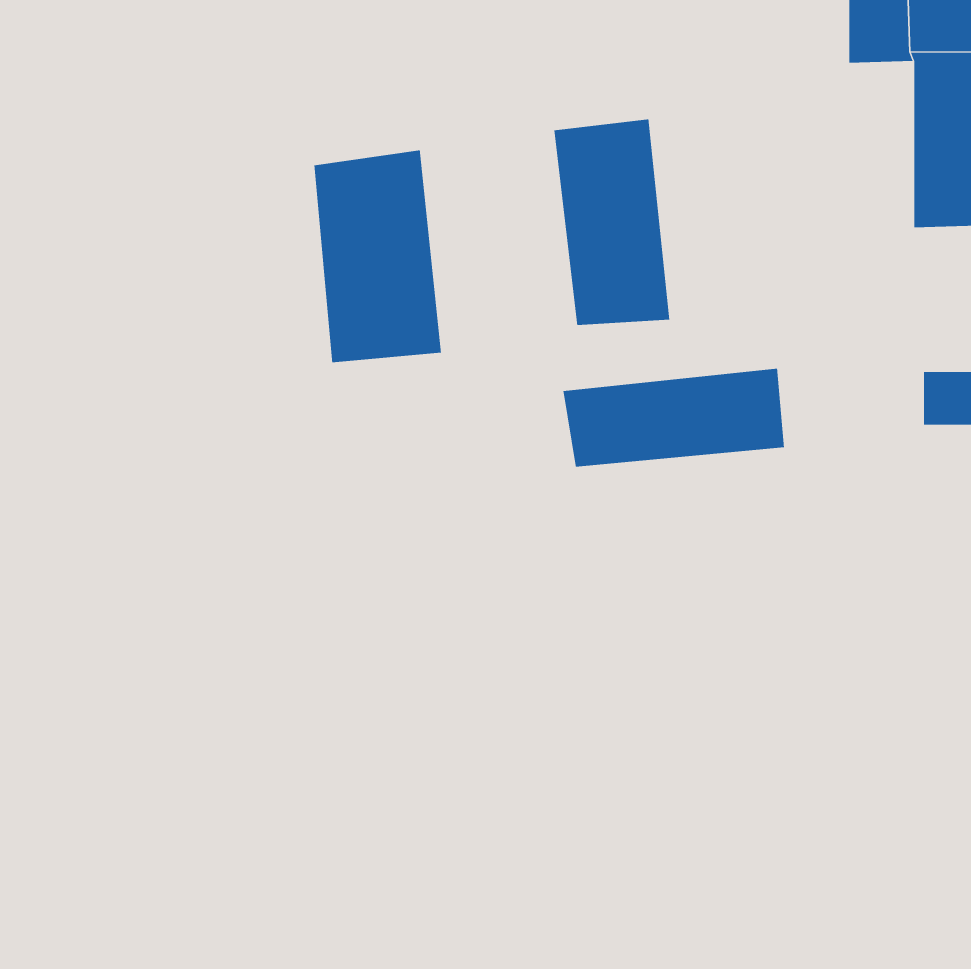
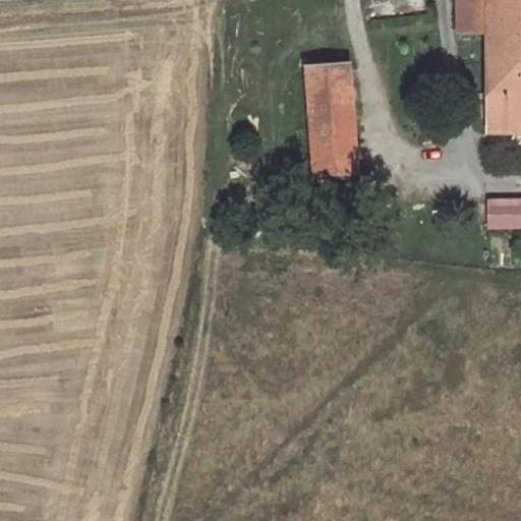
building: [314,150,441,363] -> none
building: [563,368,784,468] -> none

